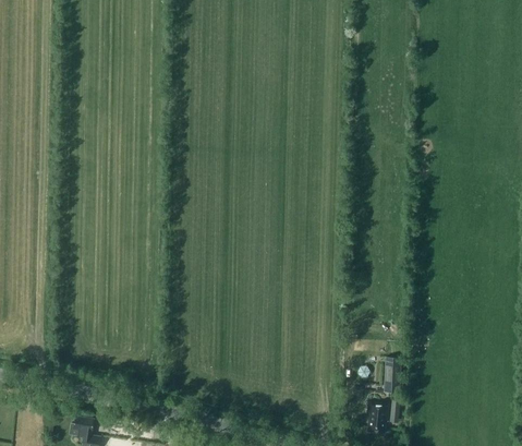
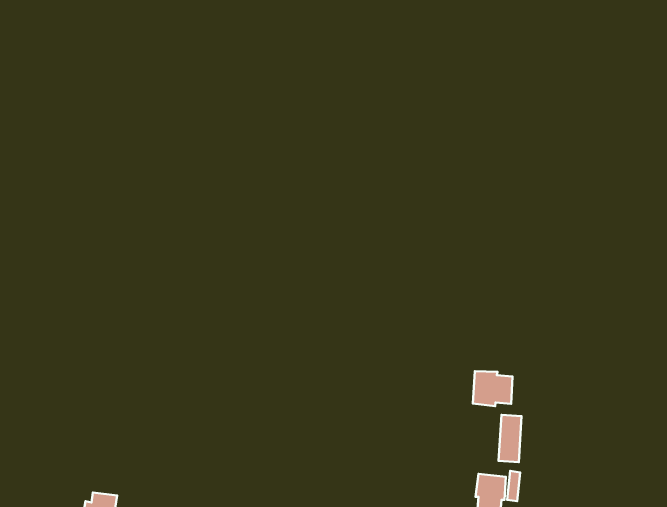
building: none -> [473,371,512,406]

